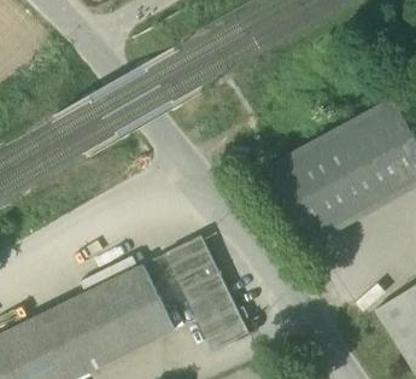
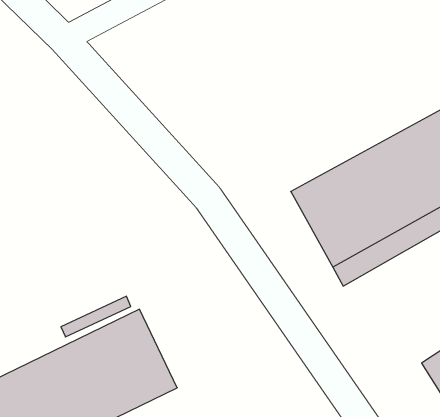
building: [164,237,247,349] -> none

